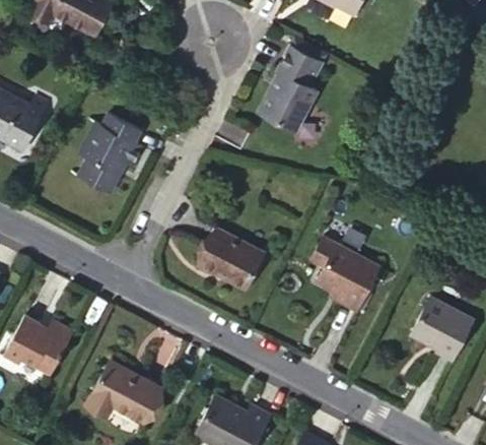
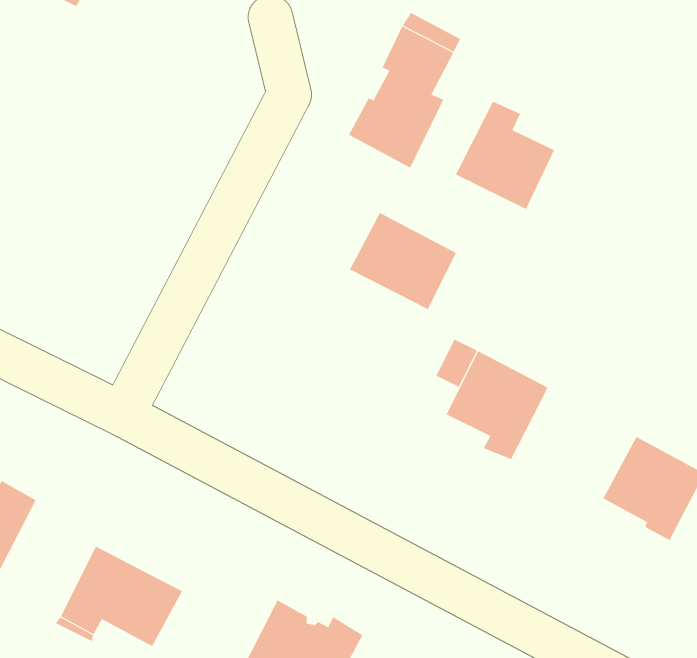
building: none -> [455,101,555,210]
building: [78,115,144,195] -> none
building: [200,229,265,288] -> [349,212,457,310]

